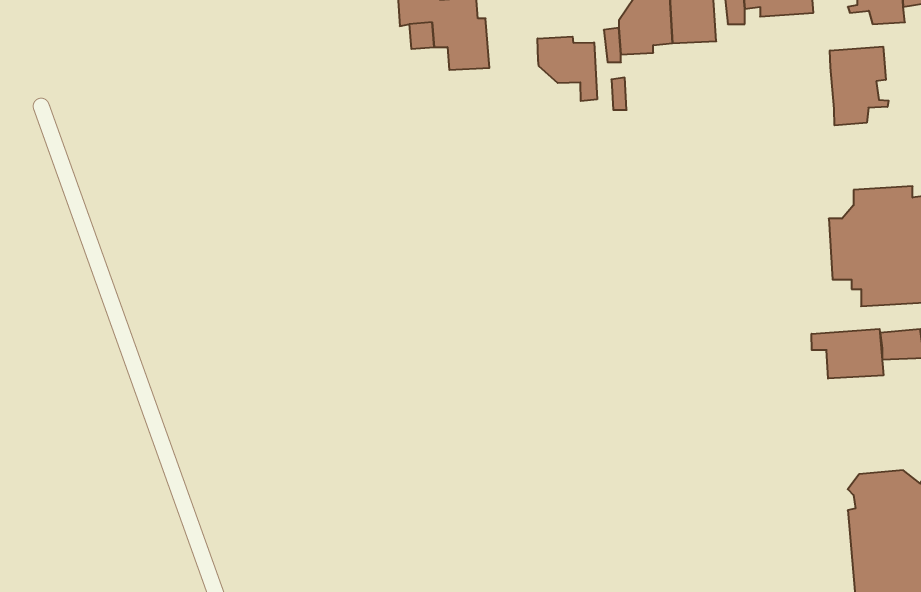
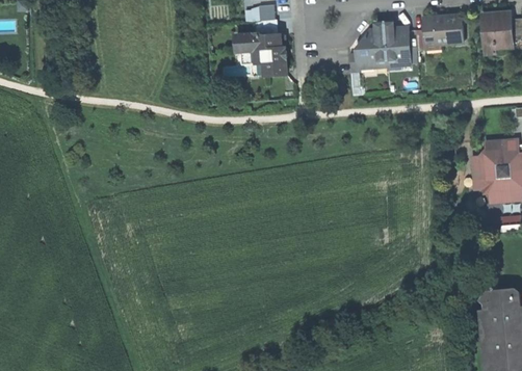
building: [538,37,597,101] -> none
building: [830,47,889,125] -> none
building: [812,329,883,379] -> none

